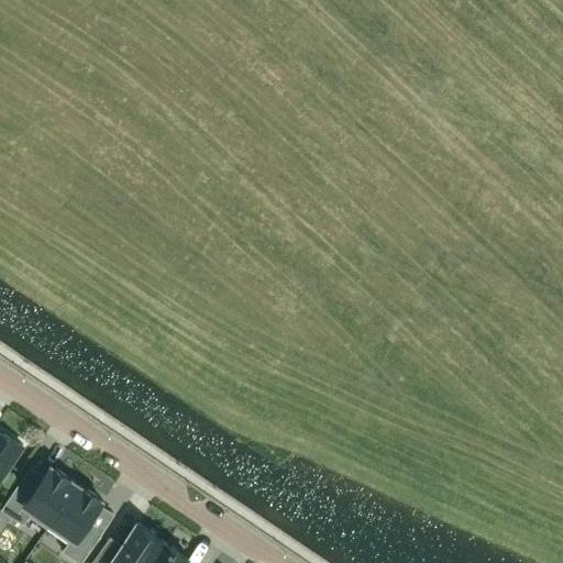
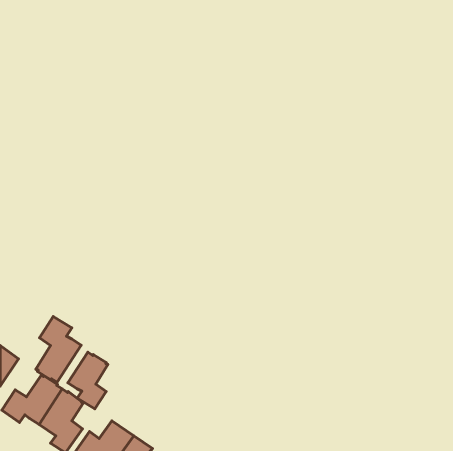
building: none -> [36,316,81,382]
building: none -> [68,352,108,409]

